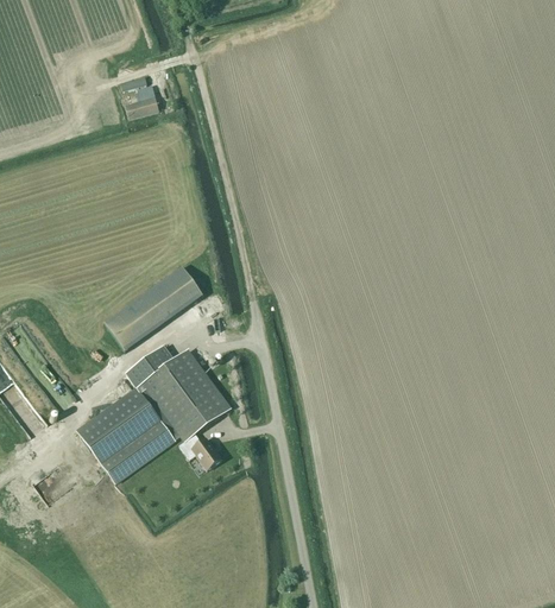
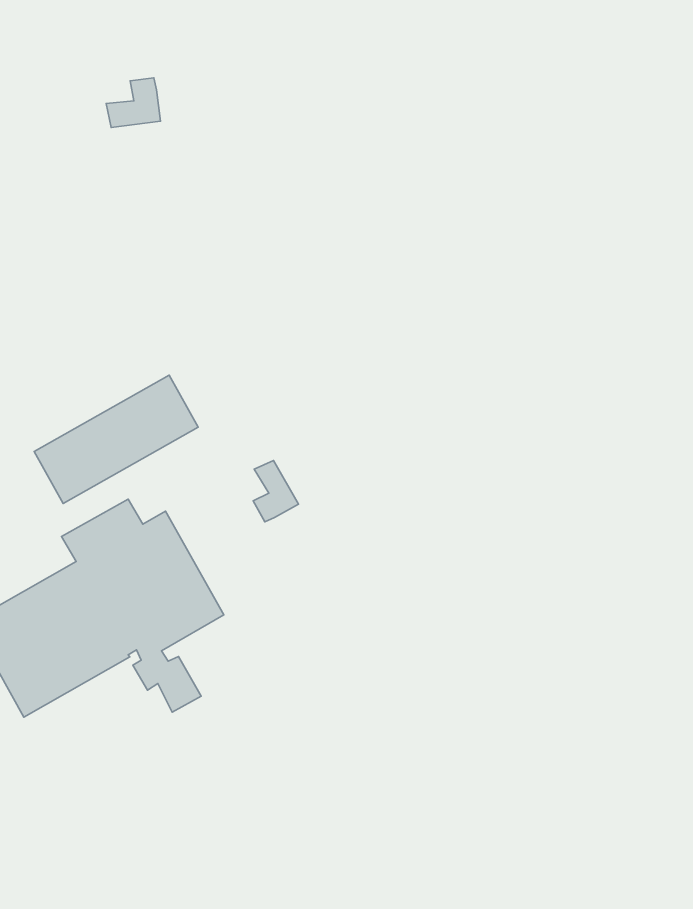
building: none -> [253,461,298,522]

